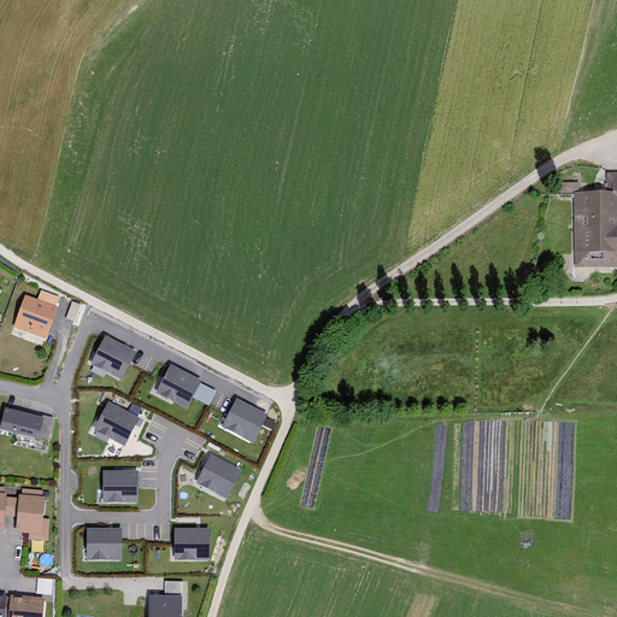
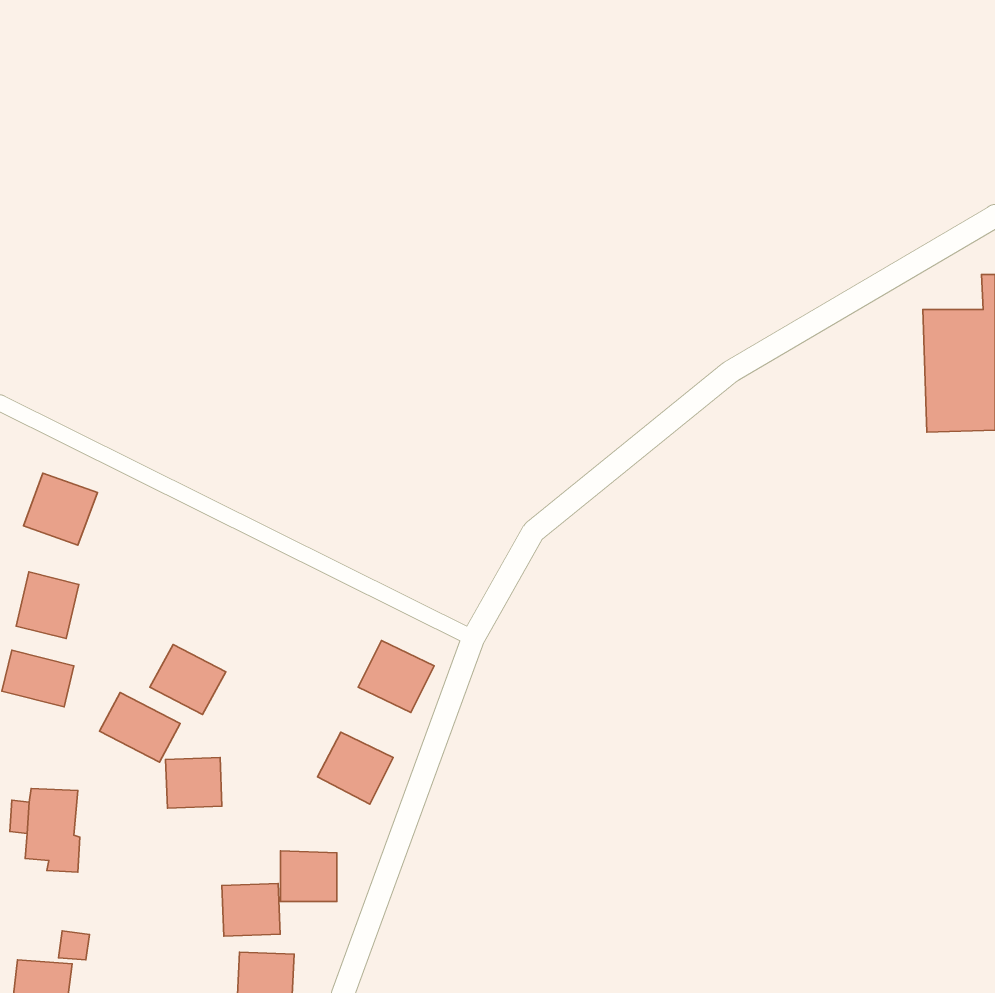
building: [99,342,134,380] -> none
building: none -> [16,572,79,639]
building: [158,364,217,407] -> none
building: none -> [99,692,180,762]
building: [86,527,122,559] -> [222,884,280,936]

